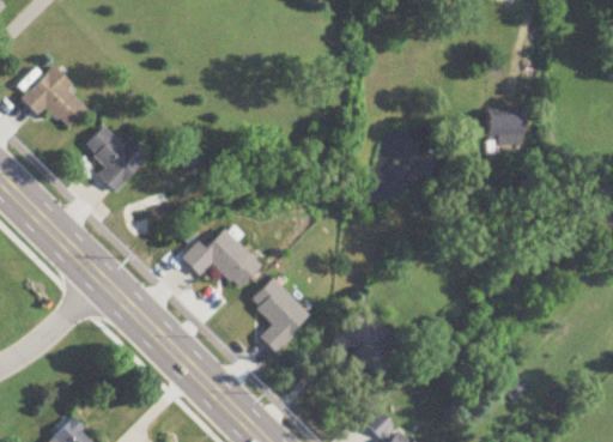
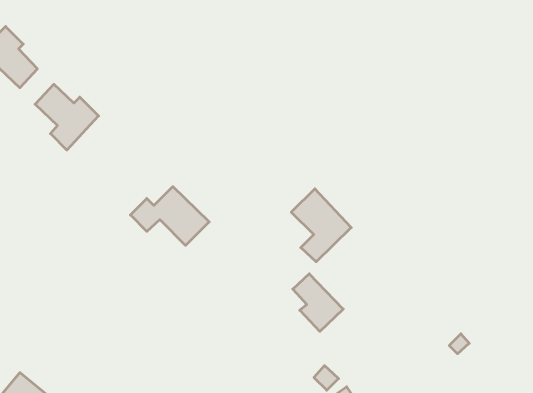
building: [490,115,524,144] -> none
building: [249,277,310,351] -> [291,189,351,262]

